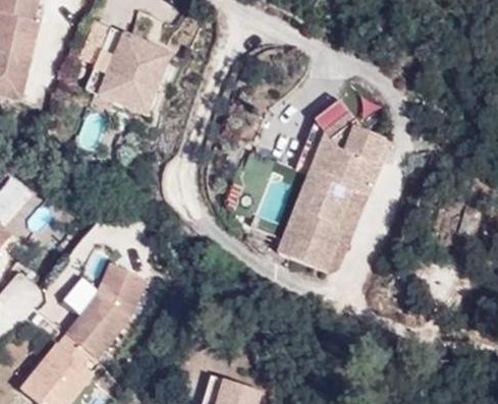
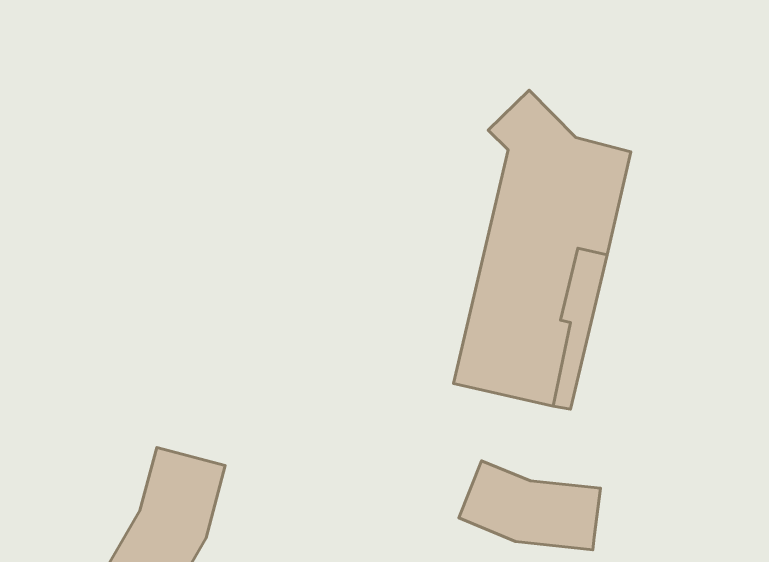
building: [85,26,171,113] -> none
building: none -> [459,461,601,550]

